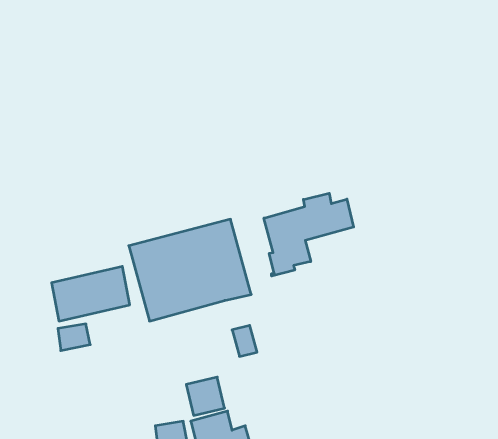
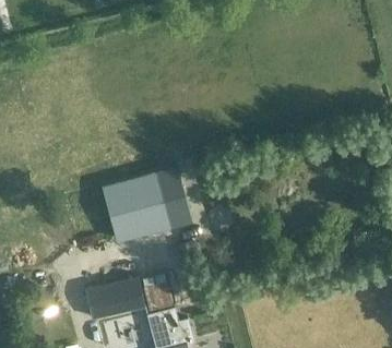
building: [264,193,354,276] -> none
building: [52,266,130,321] -> [85,280,143,321]

